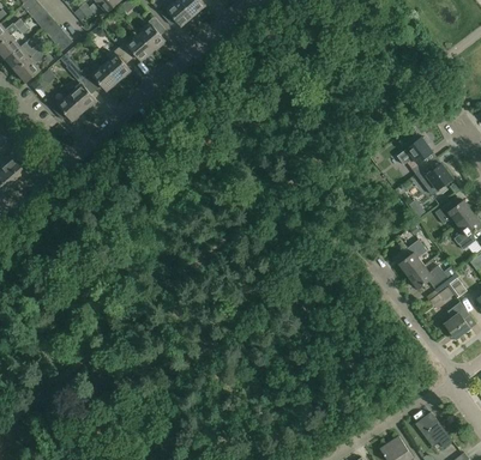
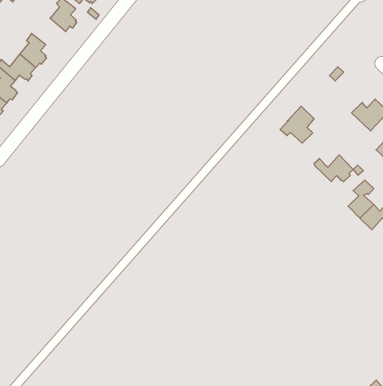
building: [115,34,152,60] -> none
building: [397,137,432,173] -> [280,106,314,143]
building: none -> [314,155,353,182]

